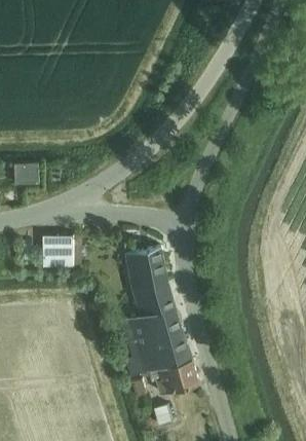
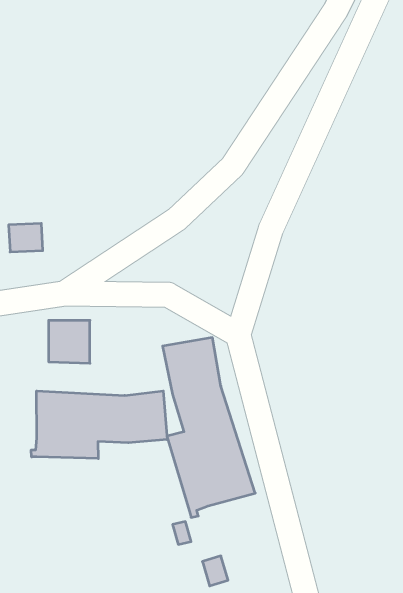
building: none -> [31,391,167,459]
building: [155,358,198,393] -> none

